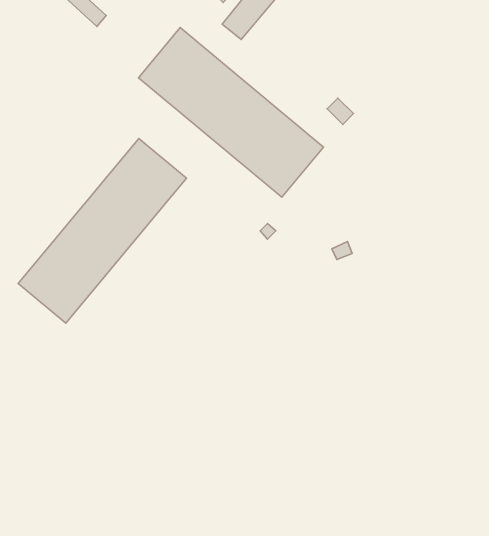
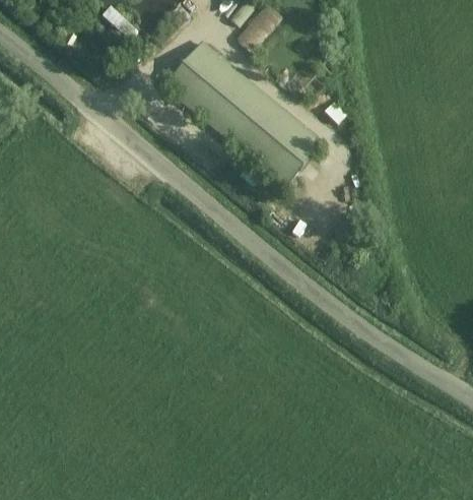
building: [18,138,186,323] -> none

